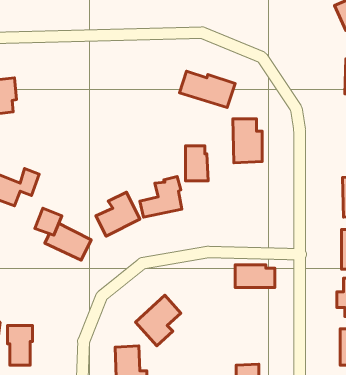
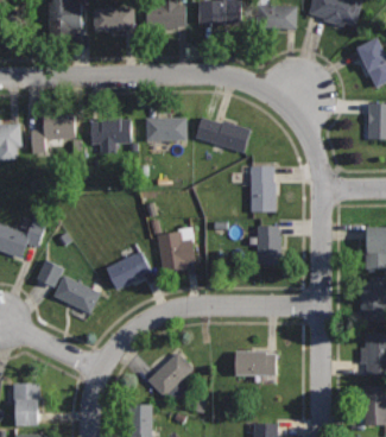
building: none -> [30,115,76,152]
building: none -> [144,118,186,141]
building: none -> [89,120,132,154]
building: [185,146,208,181] -> [258,227,281,264]
building: [235,265,275,287] -> [234,352,276,375]

